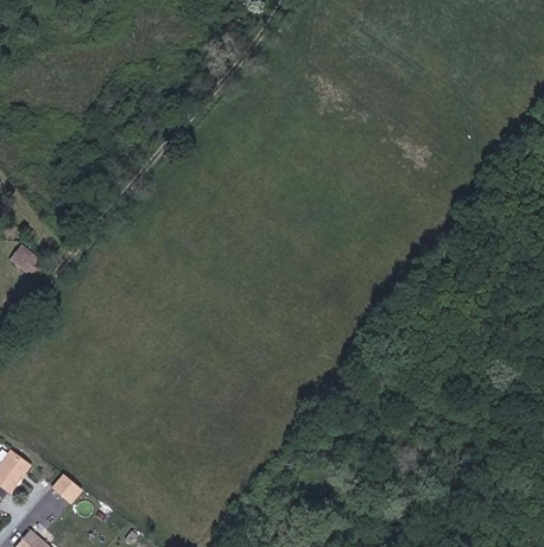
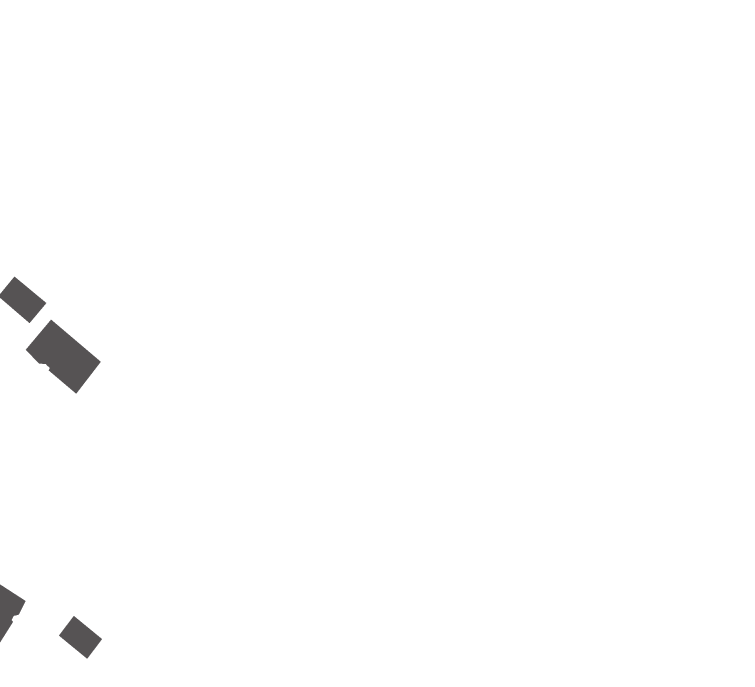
building: none -> [25,319,102,395]

